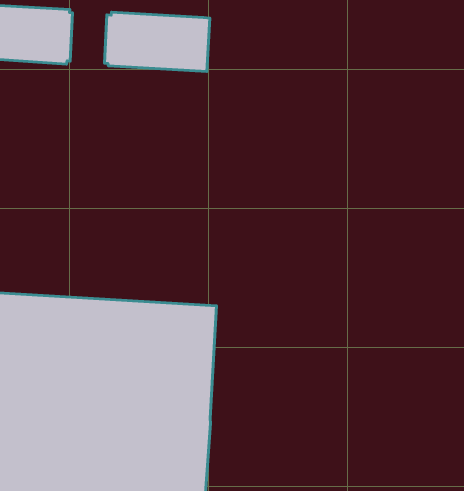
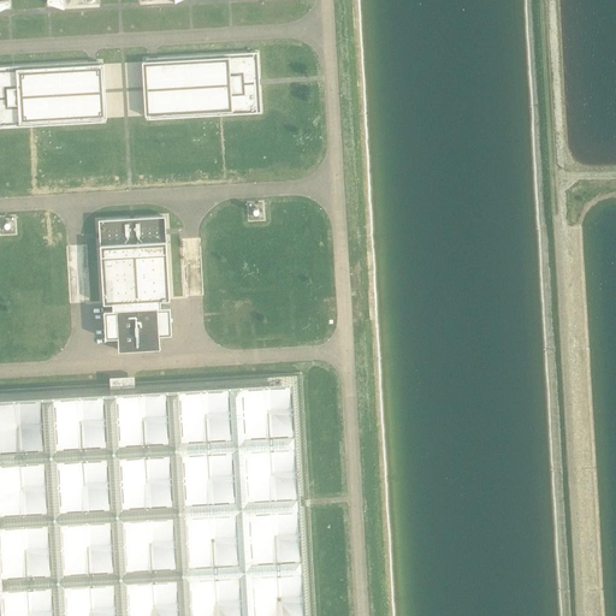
building: none -> [87,224,160,357]

